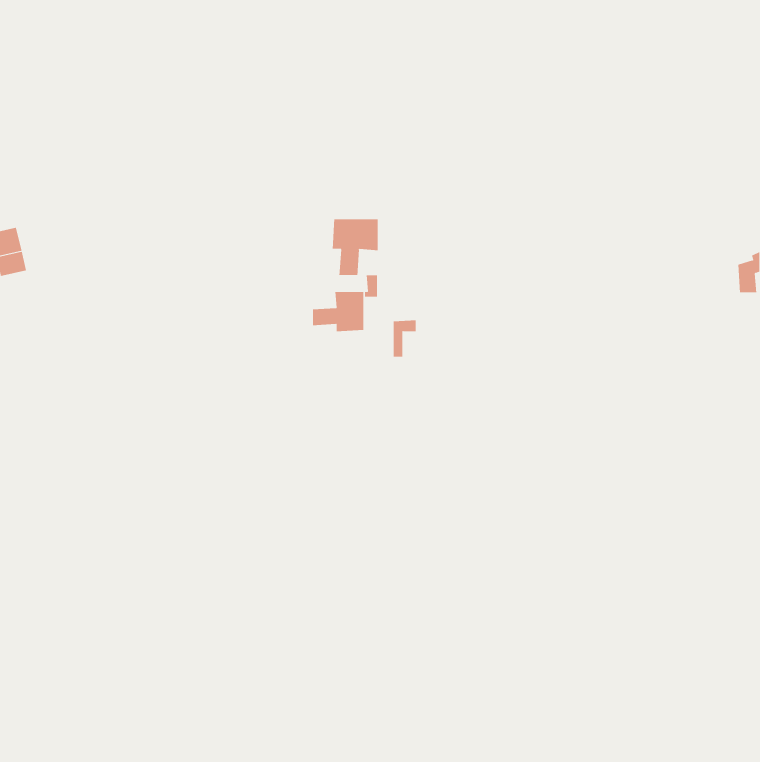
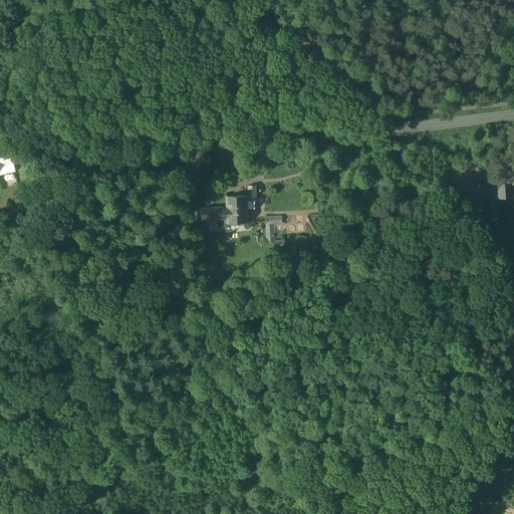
building: [332,219,378,276] -> none

